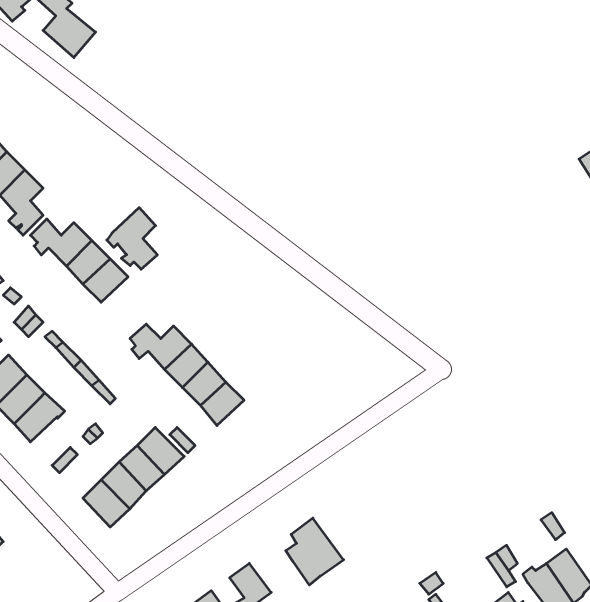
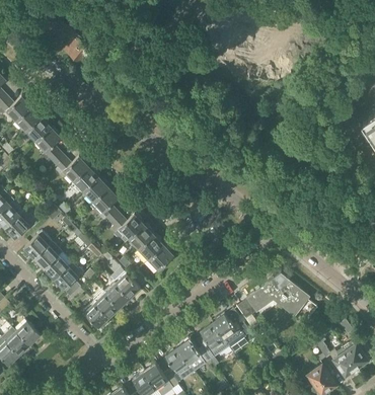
building: [107,208,157,269] -> [90,187,119,222]
building: none -> [54,262,84,291]
building: none -> [236,274,307,336]
building: none -> [212,308,250,347]
building: none -> [176,339,210,364]

